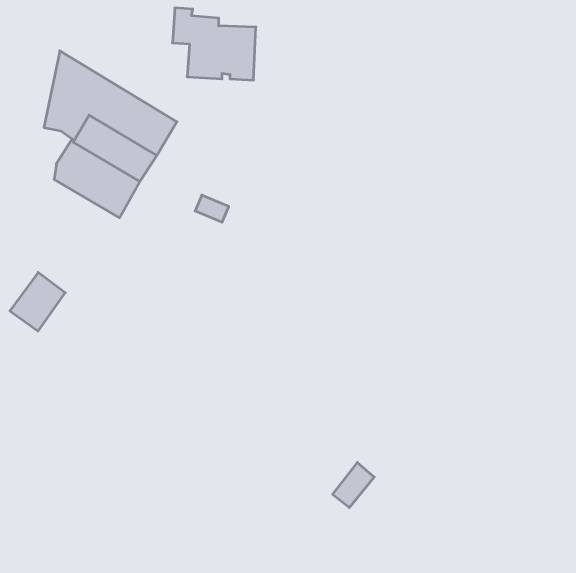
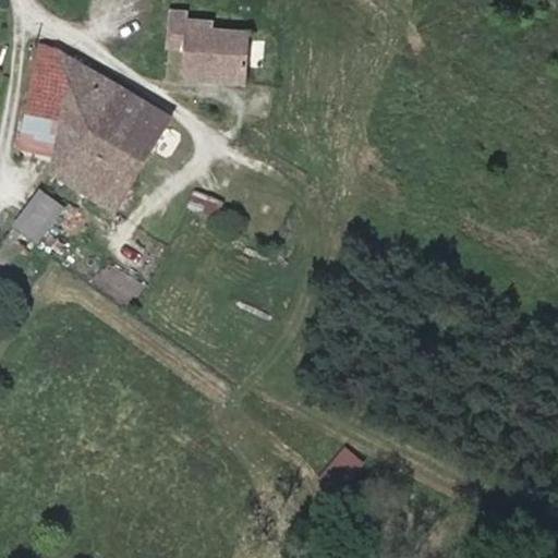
building: none -> [19,41,70,158]
building: [10,272,65,331] -> [12,186,65,243]

